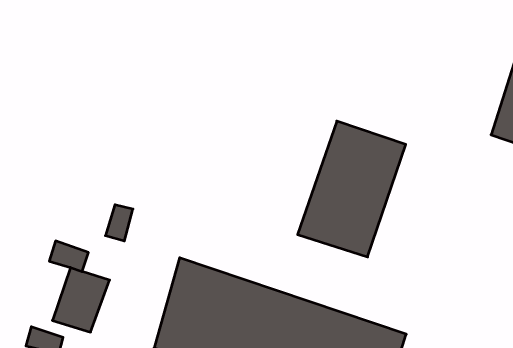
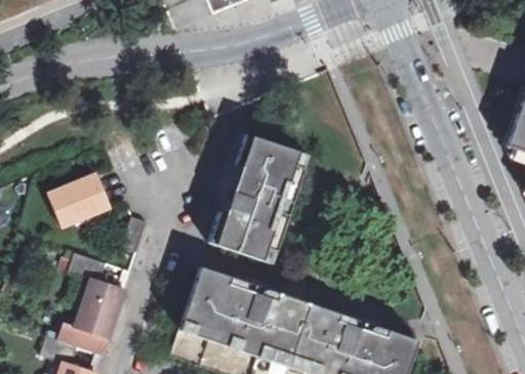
building: [298,121,406,257] -> [204,132,309,263]
building: none -> [47,170,112,227]

